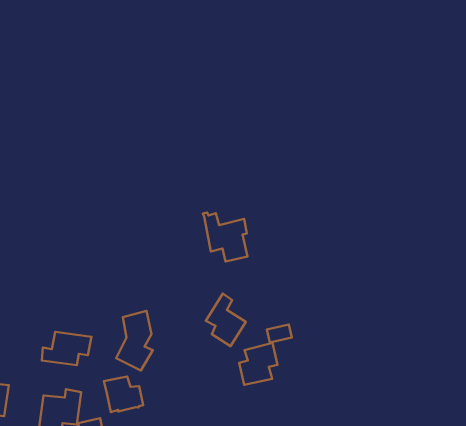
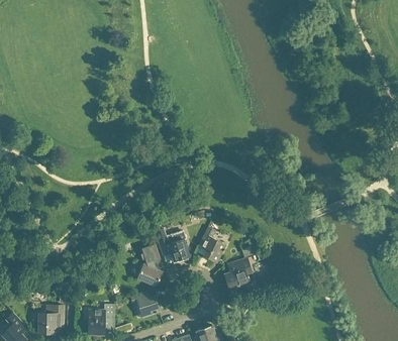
building: [203,212,248,262] -> [154,227,188,260]
building: [42,332,92,365] -> none

